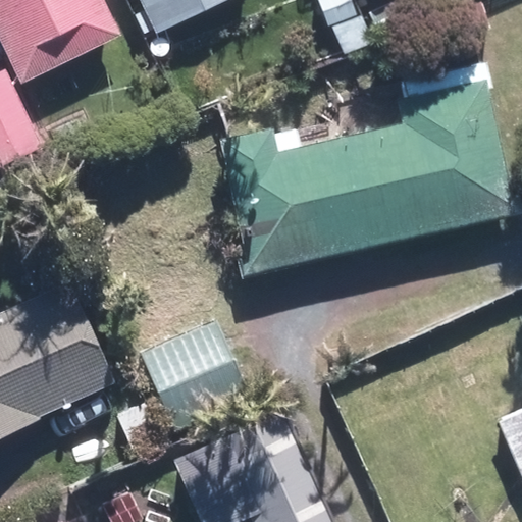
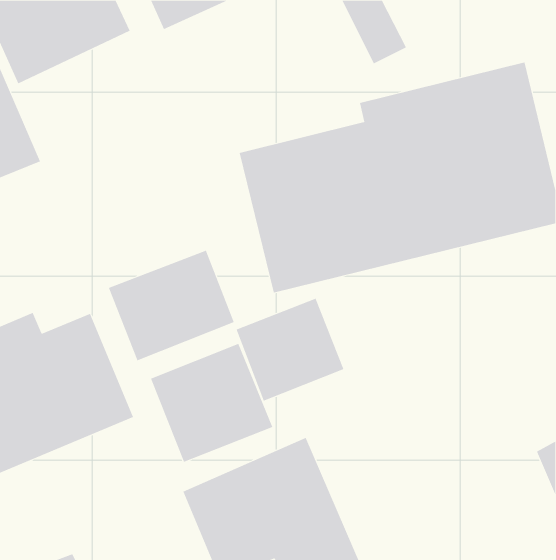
building: none -> [108,250,235,361]
building: none -> [236,298,344,402]

